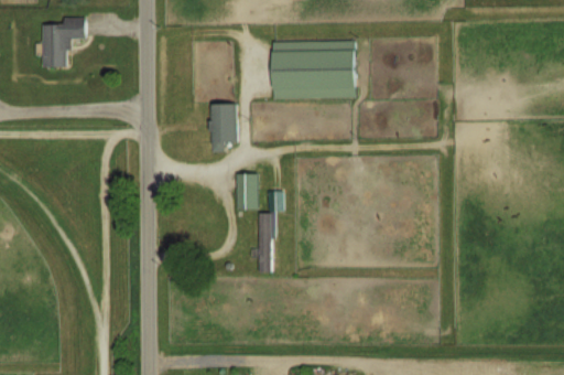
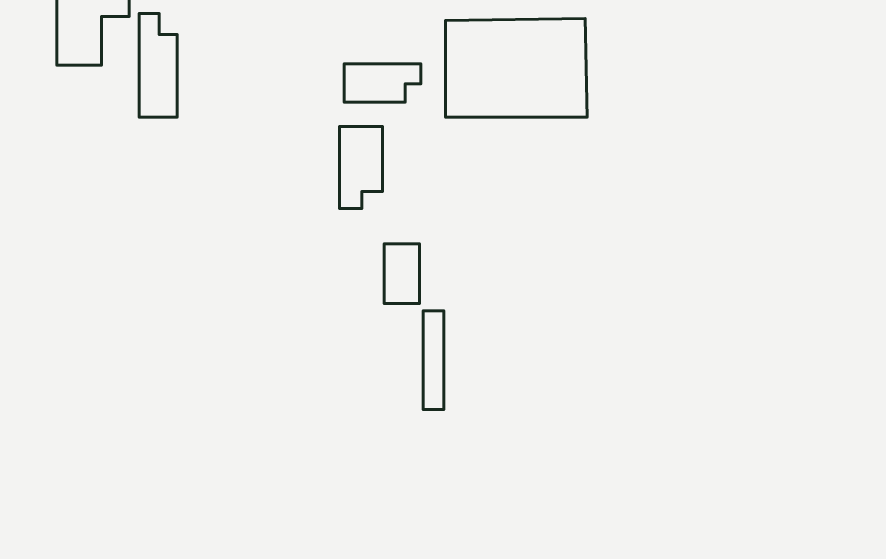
building: none -> [139,13,177,117]
building: none -> [344,64,421,102]

